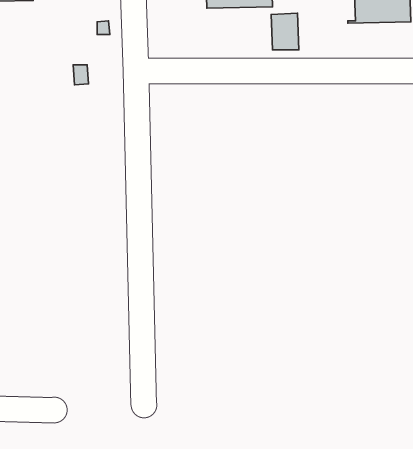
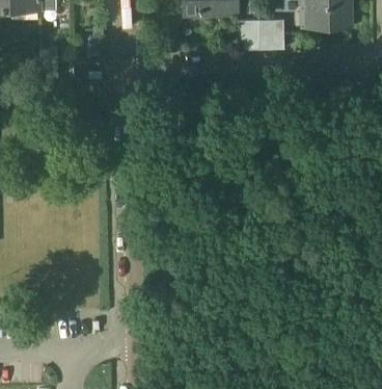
building: none -> [260,21,284,51]

